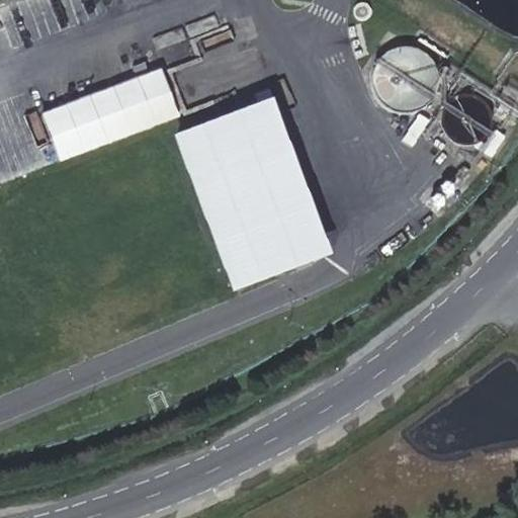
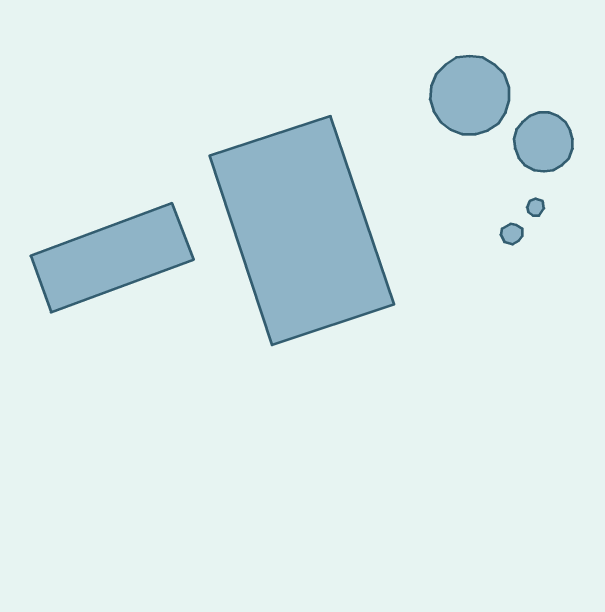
building: [37,68,175,160] -> [31,203,194,312]

